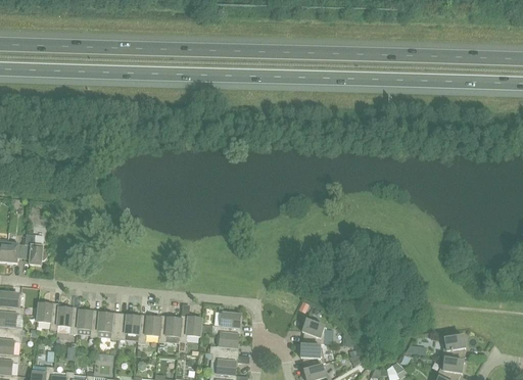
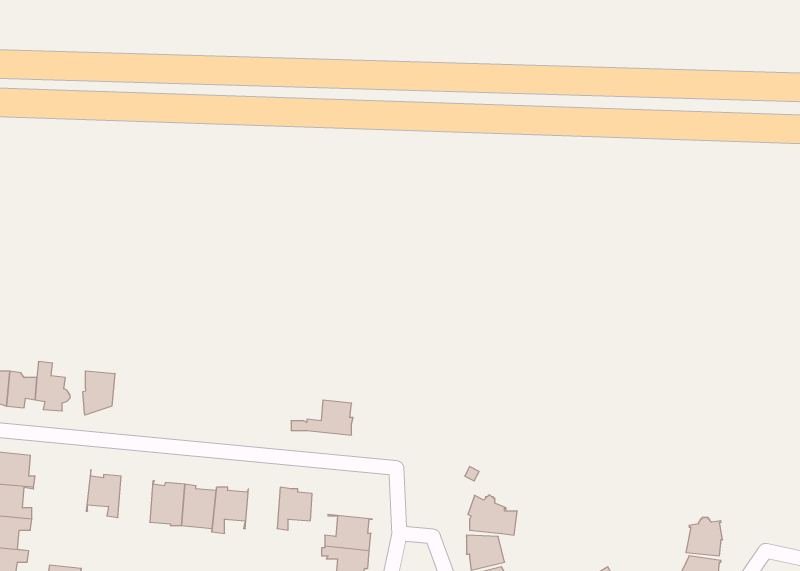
building: none -> [83,371,115,415]
building: [37,301,59,329] -> none
building: [77,306,99,336] -> none
building: [201,312,241,334] -> [291,400,353,435]
building: [158,314,181,341] -> none

